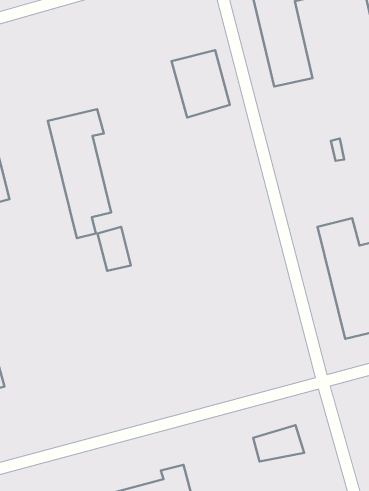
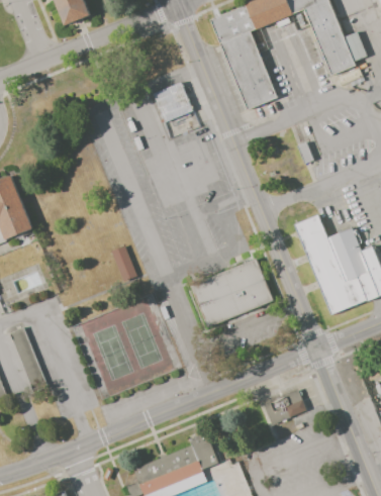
building: [48,109,111,238] -> none
building: none -> [186,253,273,326]

